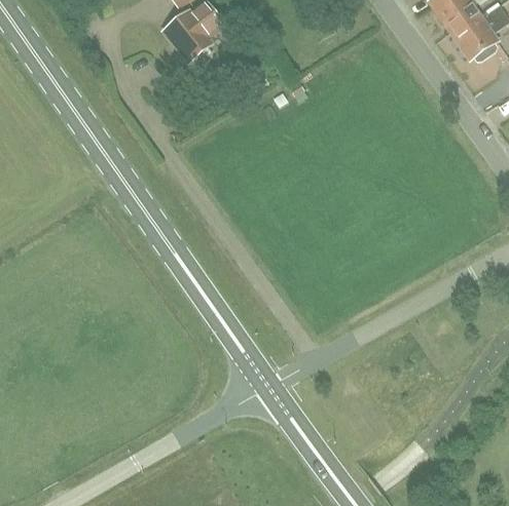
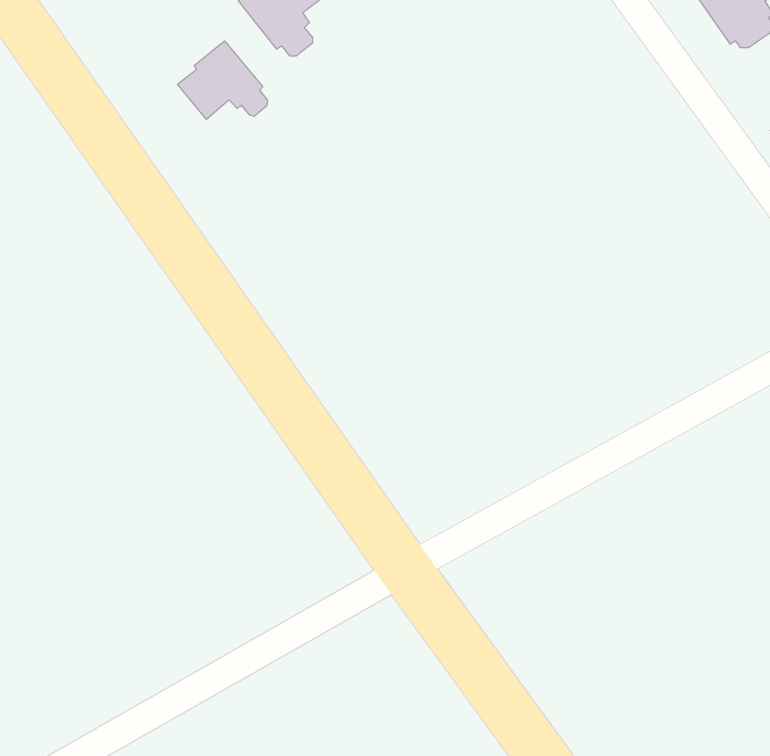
building: none -> [178,41,267,120]

